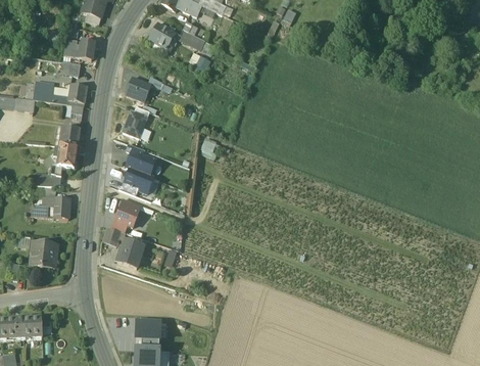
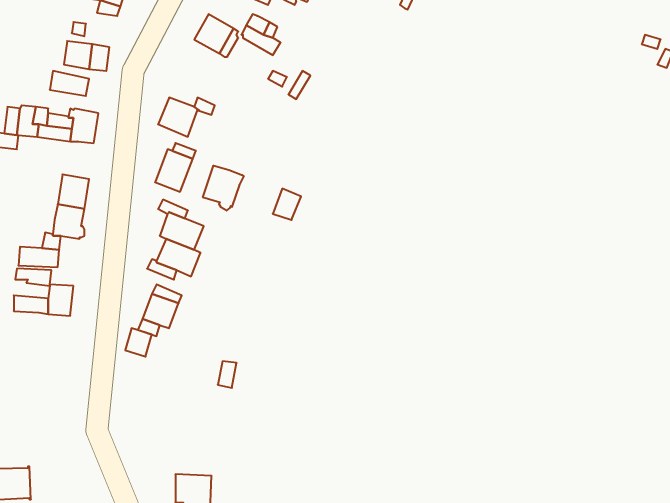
building: none -> [203,166,244,211]
building: [116,238,143,267] -> none
building: [32,241,57,269] -> none

